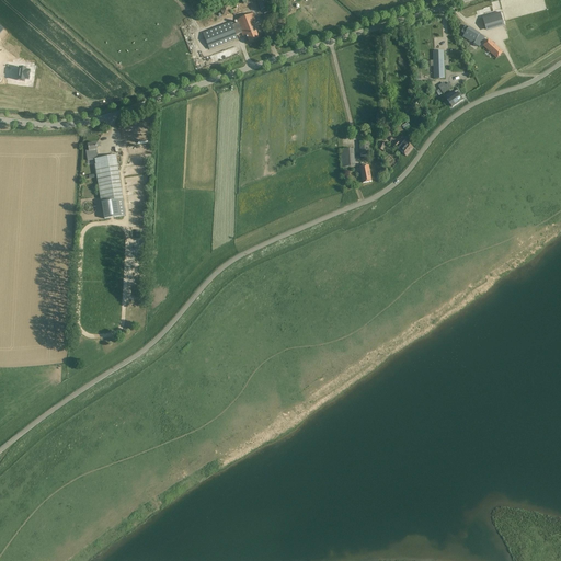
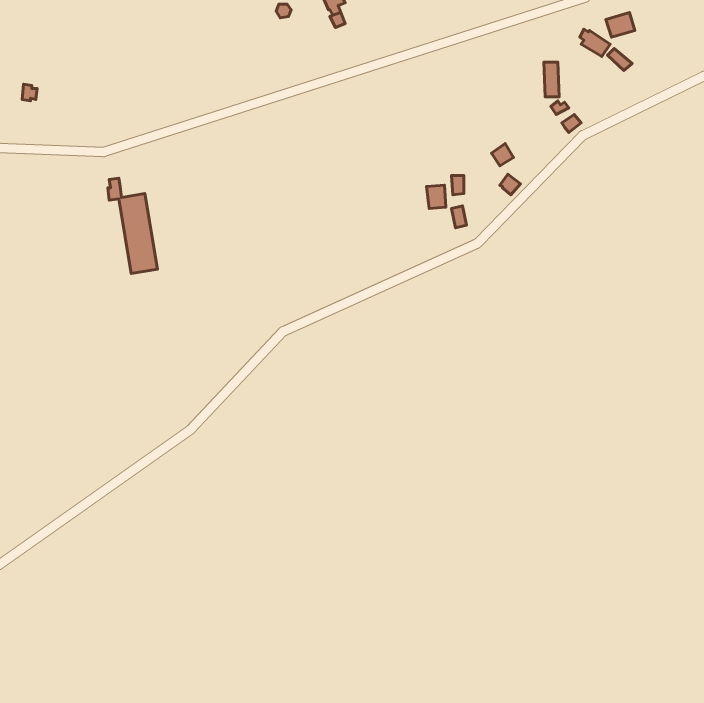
building: [202,11,257,48] -> none

